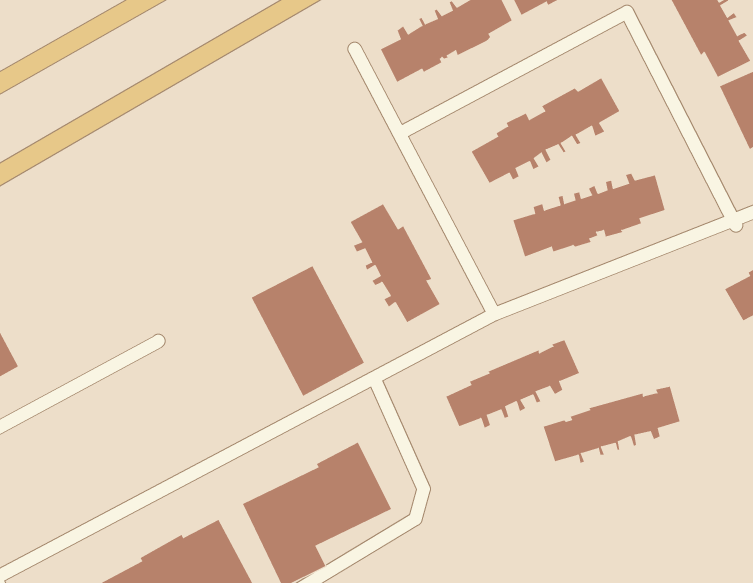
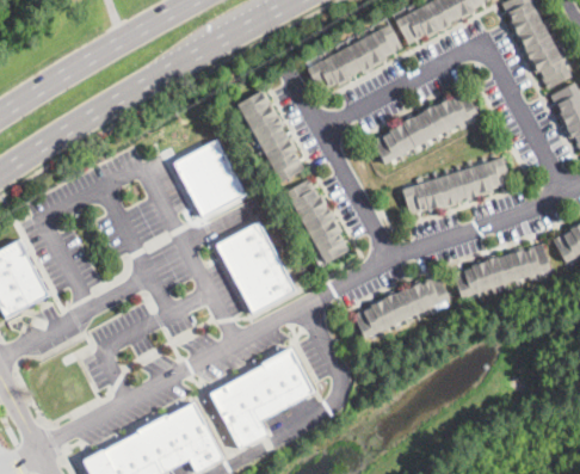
building: none -> [236,87,306,183]
building: none -> [173,138,245,216]
building: [543,386,680,463] -> [451,244,549,298]

